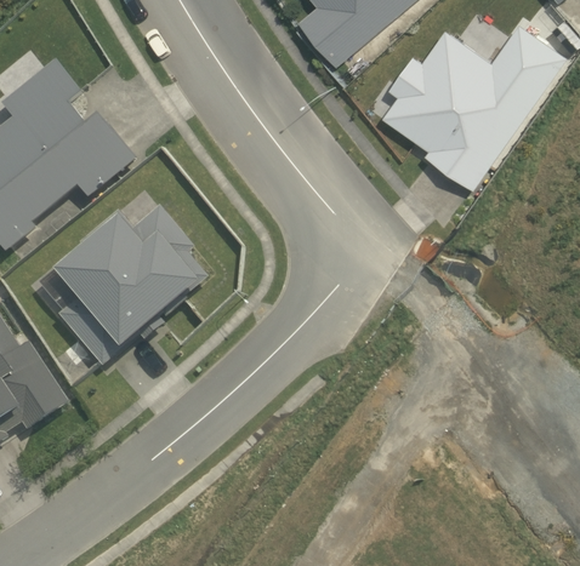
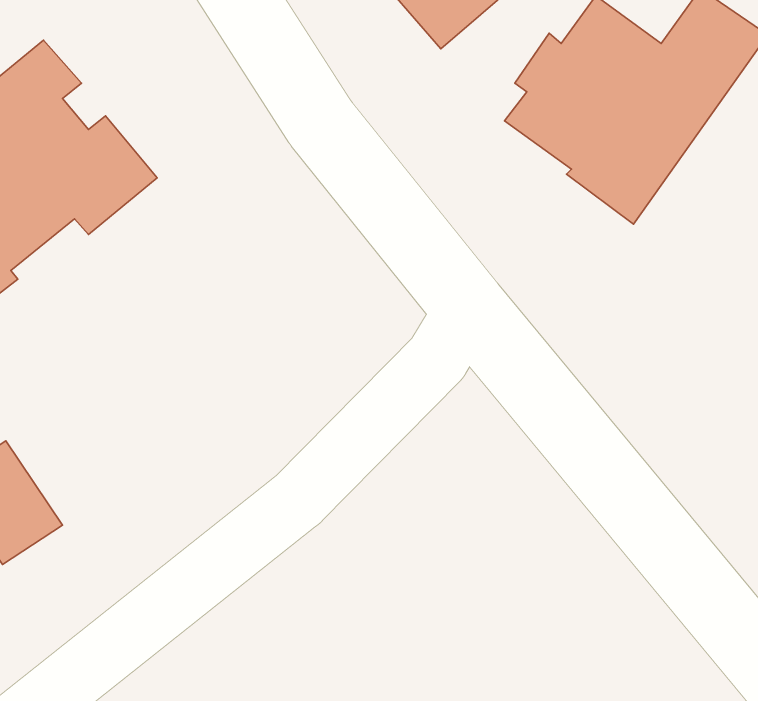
building: [39,207,207,367] -> none

